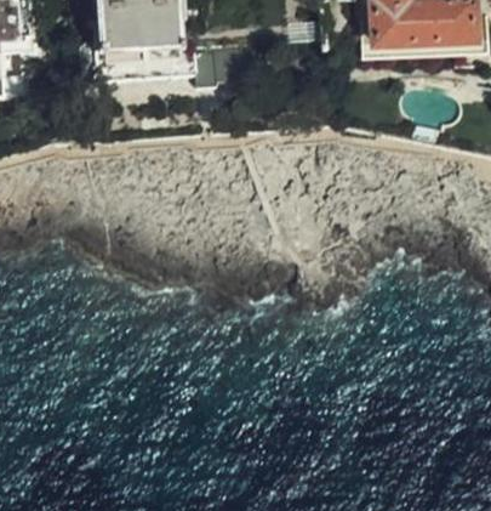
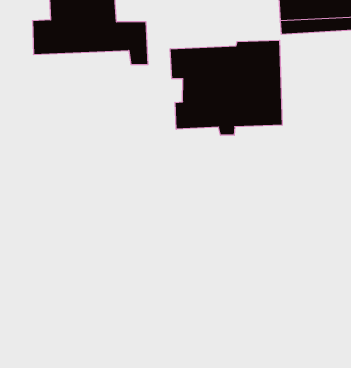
building: none -> [170,40,282,135]

